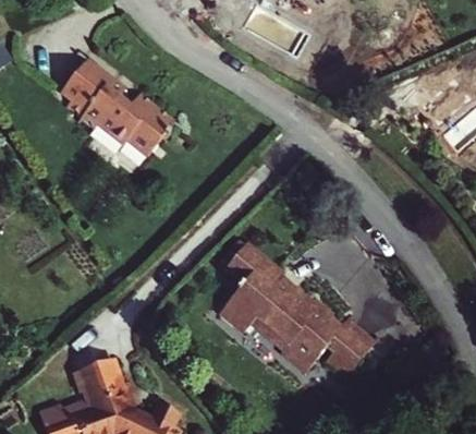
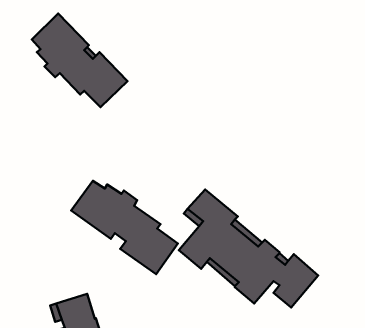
building: none -> [71,181,178,274]

